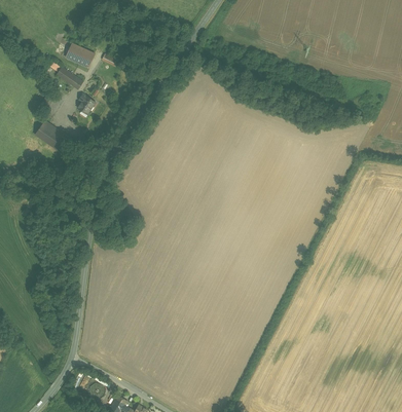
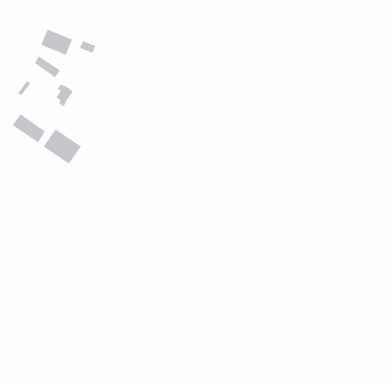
building: none -> [43,128,82,164]

